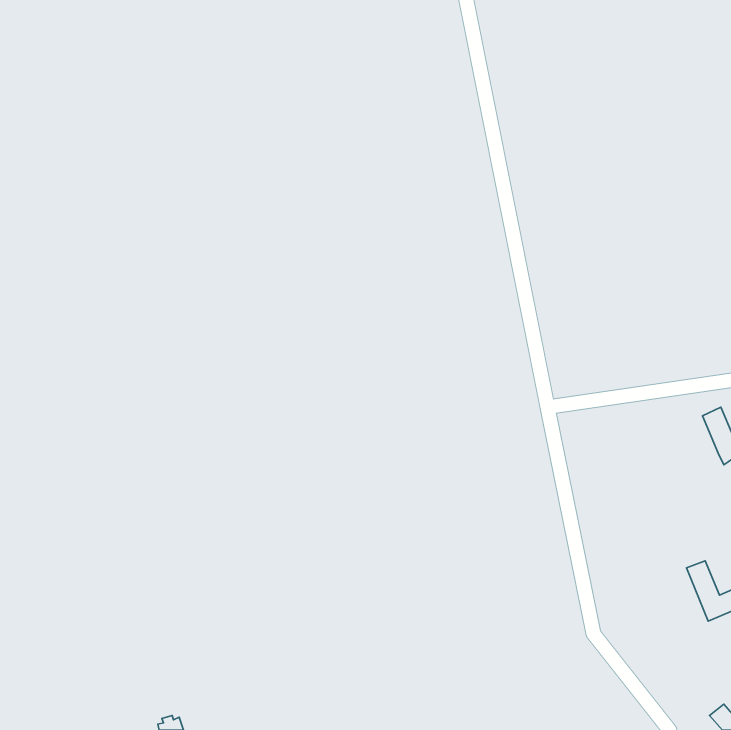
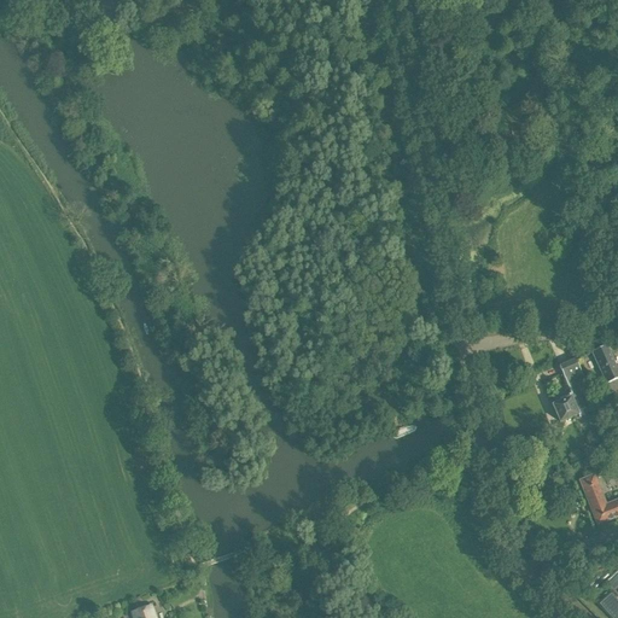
building: none -> [553,357,587,420]

